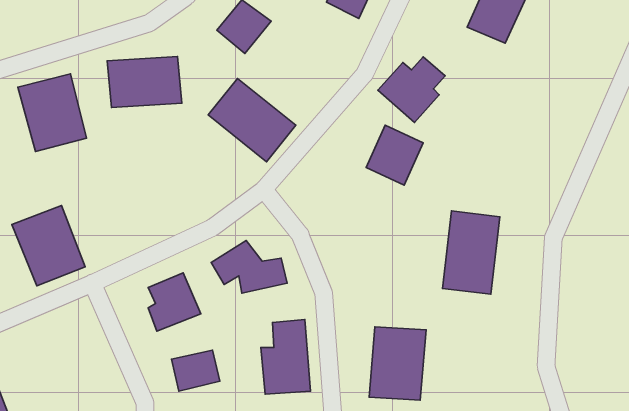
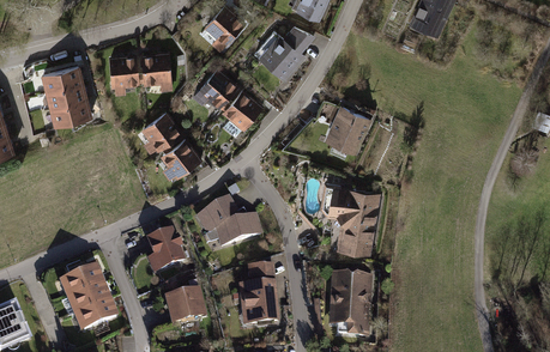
building: [378,57,445,122] -> [254,26,309,80]
building: none -> [139,109,201,177]
building: [12,205,85,286] -> [58,266,117,332]
building: [443,211,500,294] -> [334,187,381,255]

